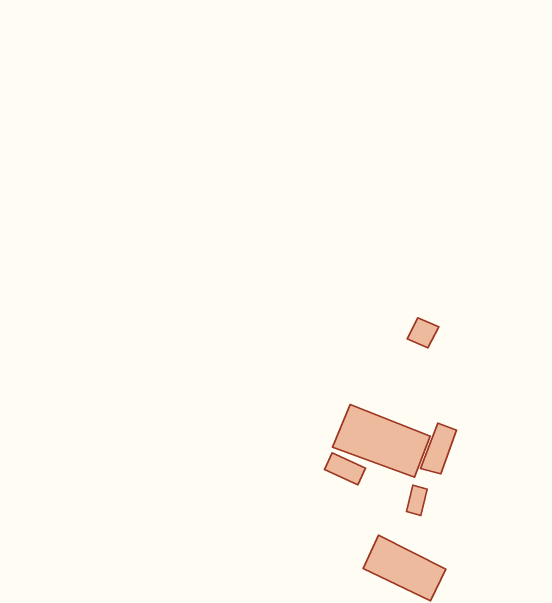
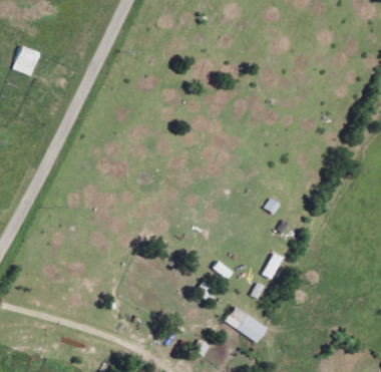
building: [333,405,430,477] -> none

